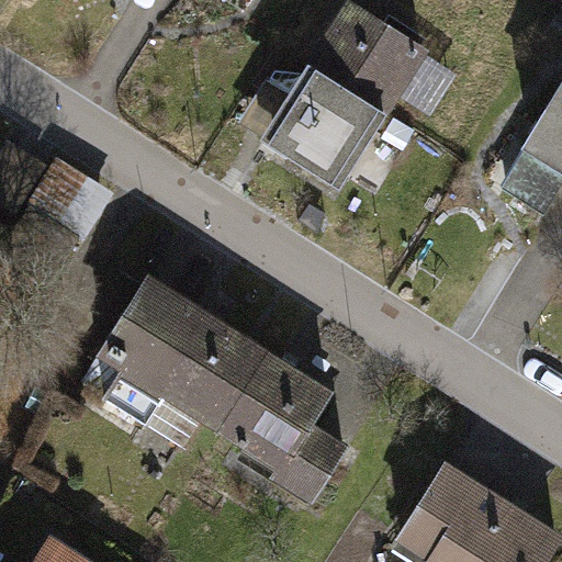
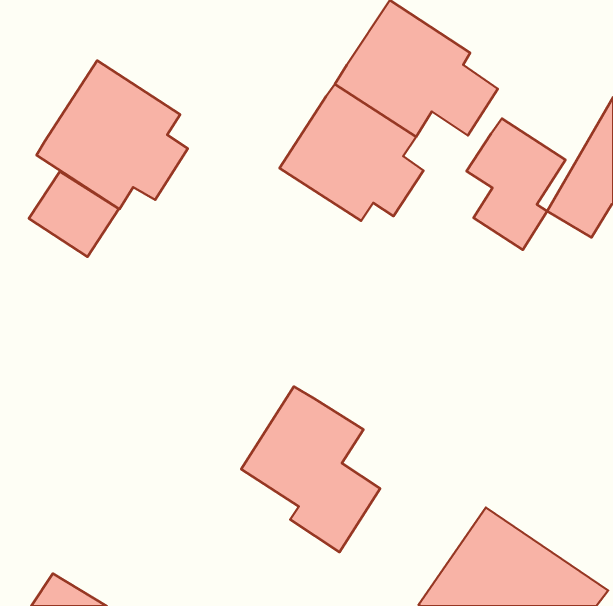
building: none -> [37,61,188,209]
building: none -> [467,118,566,250]
building: [97,274,269,453] -> none

